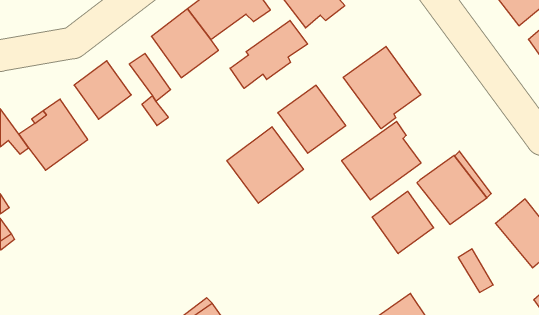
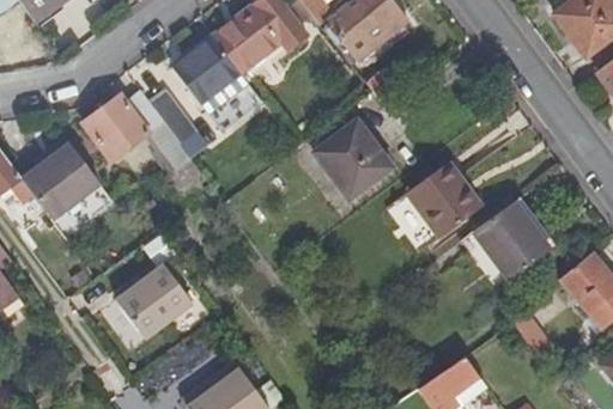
building: [230,20,308,88] -> none
building: [343,46,421,129] -> none
building: [227,127,303,203] -> none
building: [372,191,434,254] -> none
building: none -> [115,265,192,338]

